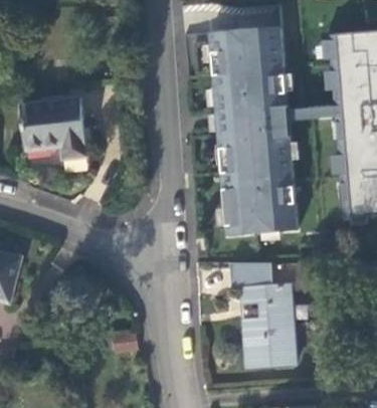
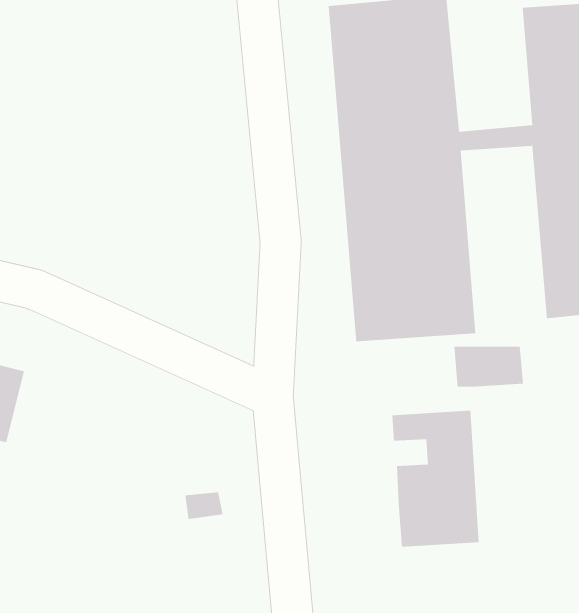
building: [23,98,89,158] -> none
building: [233,259,276,284] -> [454,346,524,387]

